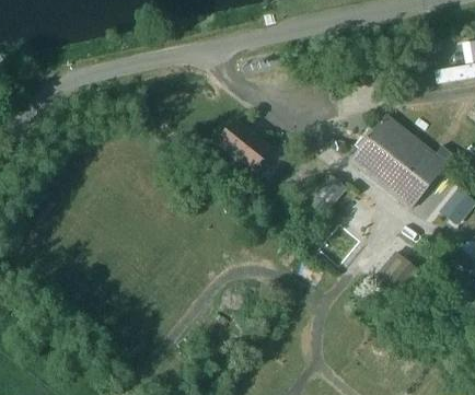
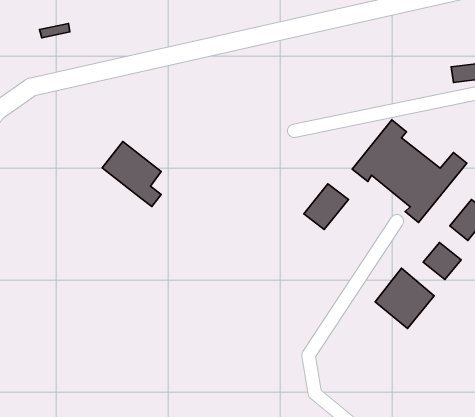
building: [217,119,270,178] -> [102,141,161,207]
building: none -> [423,242,461,280]

